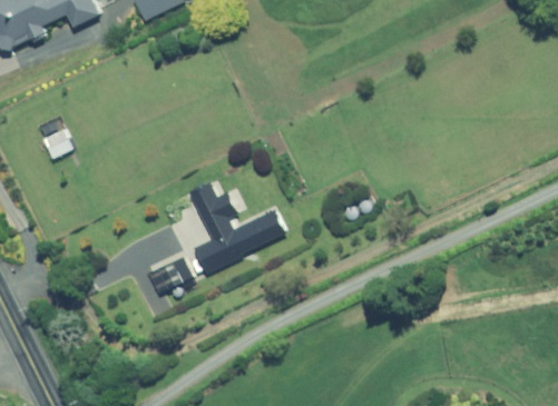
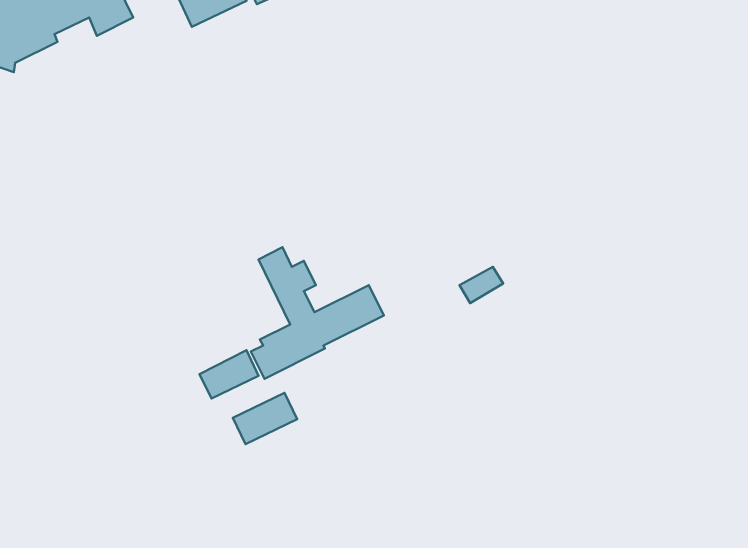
building: [43,129,72,158] -> none
building: none -> [233,393,297,444]

